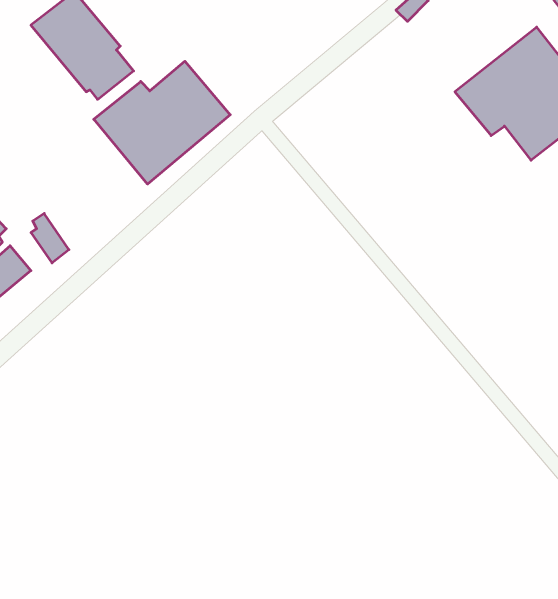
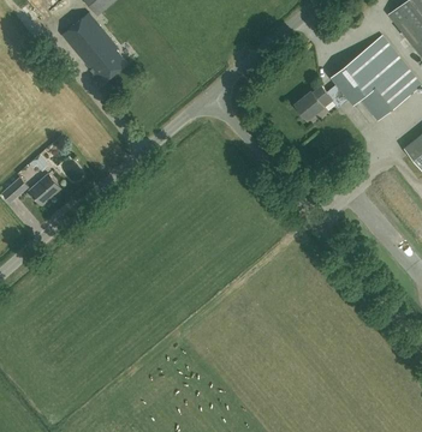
building: [94,61,230,184] -> none
building: none -> [296,85,333,120]

